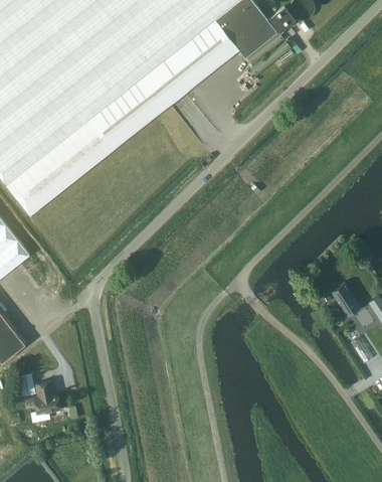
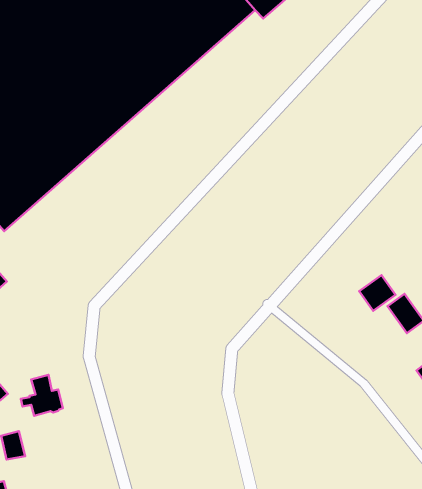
building: none -> [359,275,396,311]
building: [27,381,60,414] -> [21,375,63,416]

